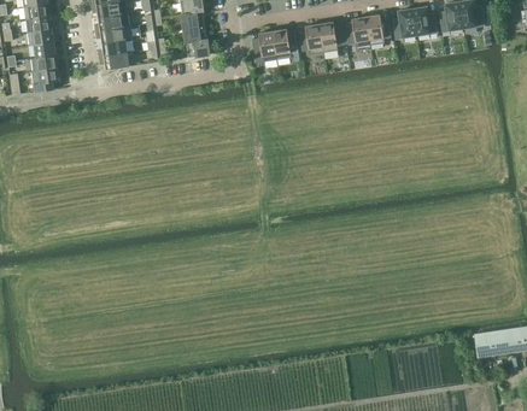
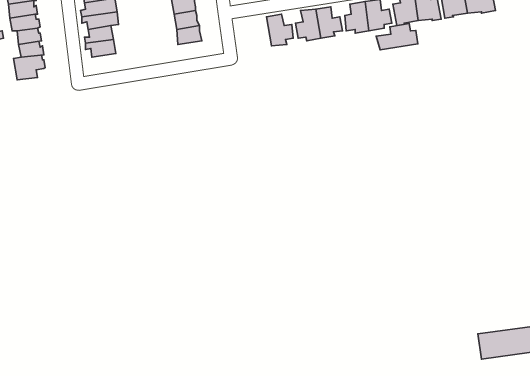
building: [252,31,276,64] -> none
building: none -> [376,24,418,50]

